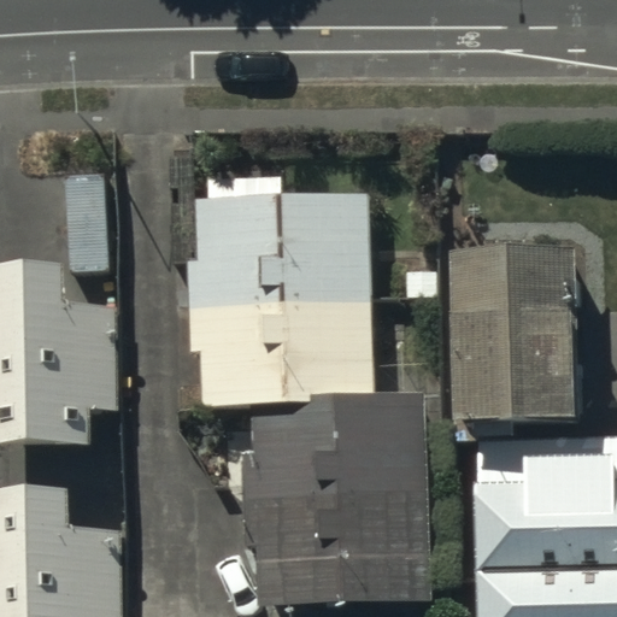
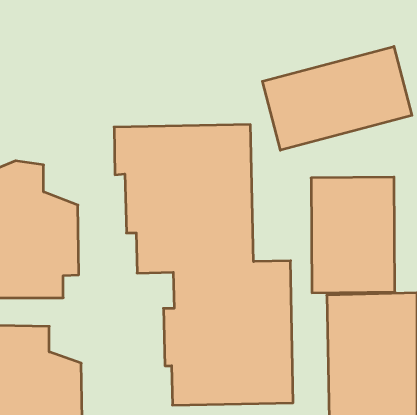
building: none -> [262,46,412,150]

